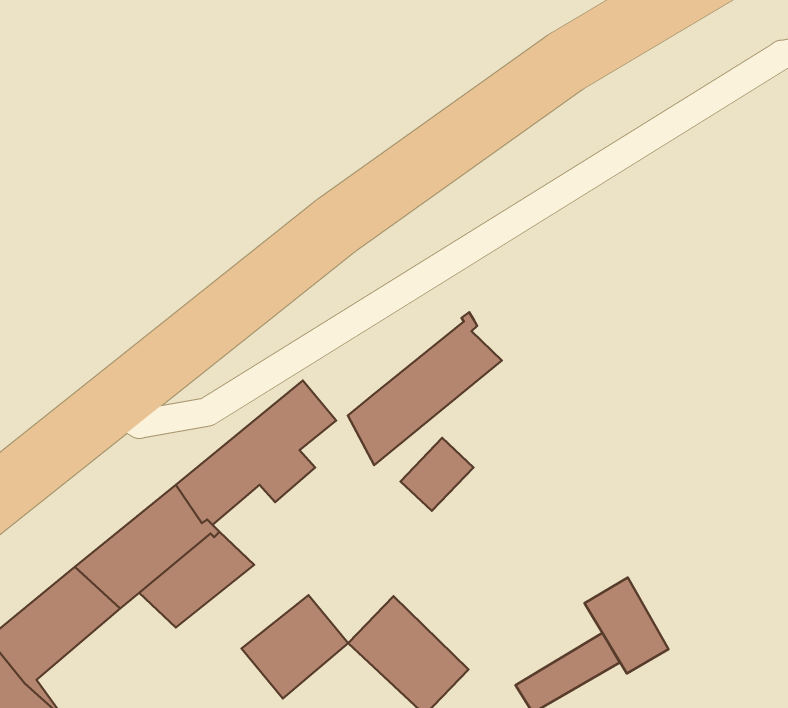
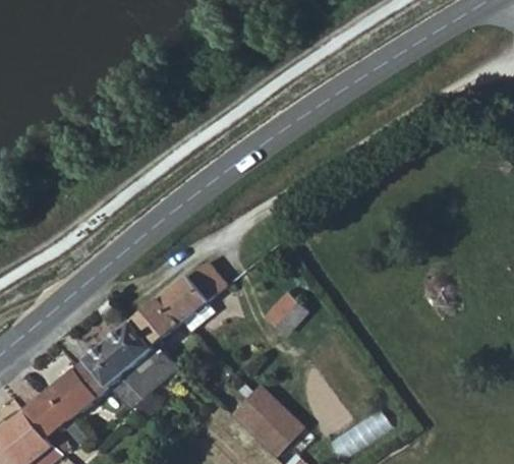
building: [348,312,502,465] -> none
building: [585,578,668,674] -> none
building: [241,595,348,698] -> none

